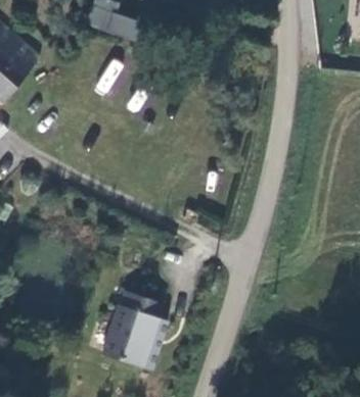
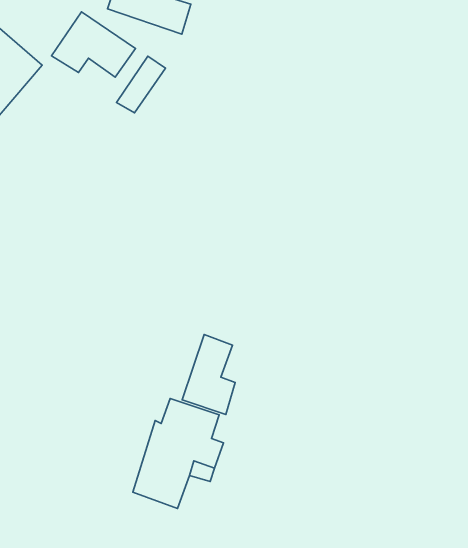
building: none -> [51,12,136,77]
building: none -> [182,335,235,414]

